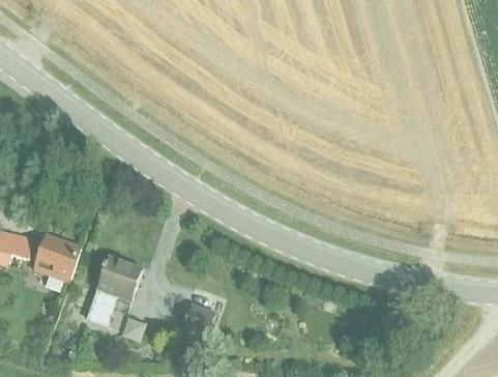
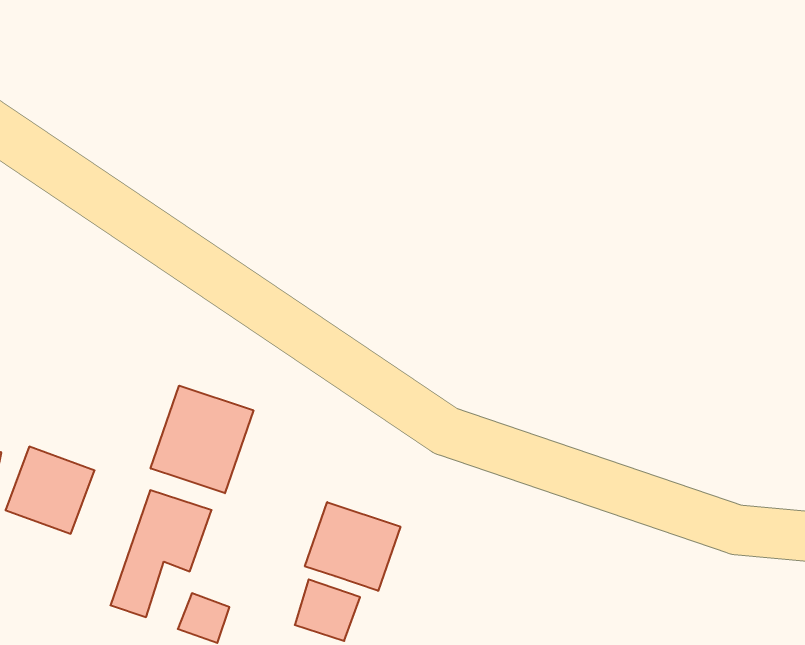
building: none -> [151,386,253,493]
building: none -> [305,502,400,591]

